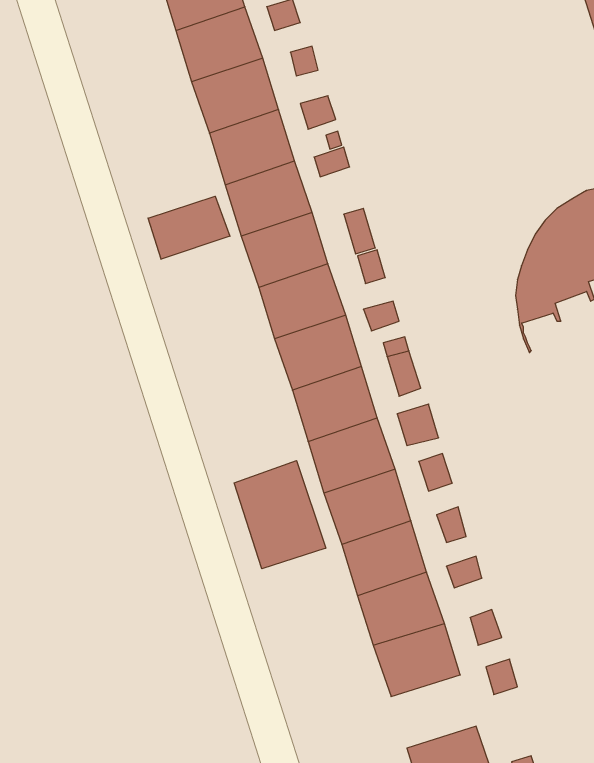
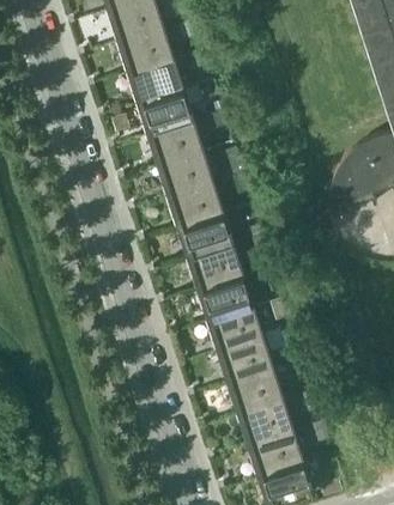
building: [148,196,230,259] -> none
building: [234,461,326,569] -> none
building: none -> [251,431,303,475]

